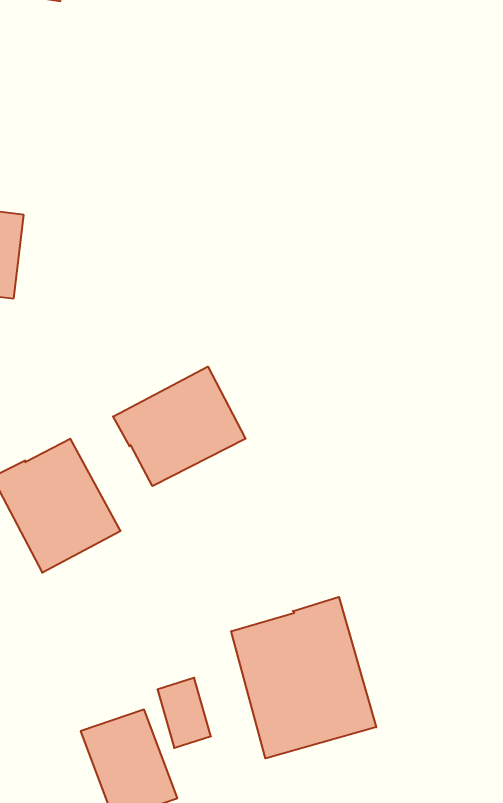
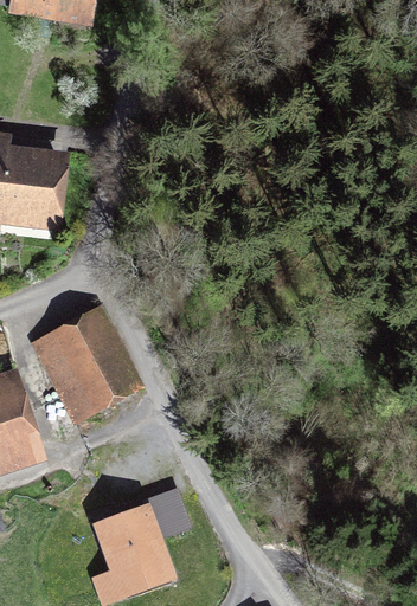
building: [113,367,246,486] -> none
building: [231,597,376,758] -> none

